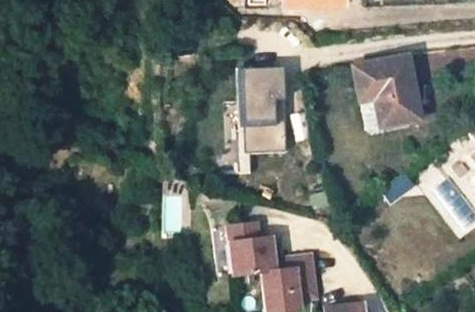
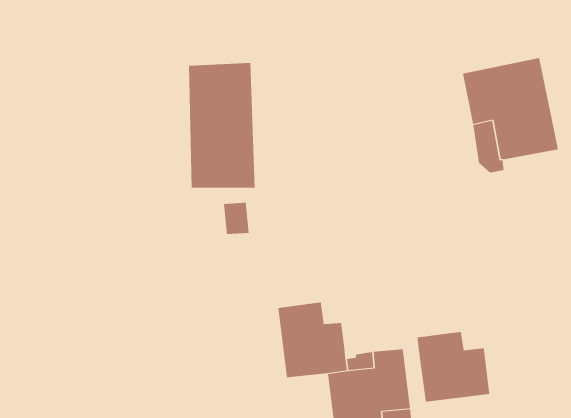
building: [242,64,288,151] -> [188,62,255,188]
building: none -> [417,331,490,402]

